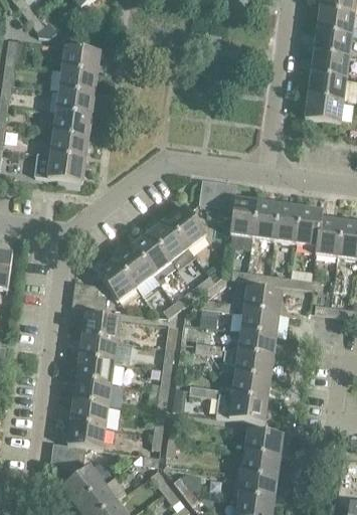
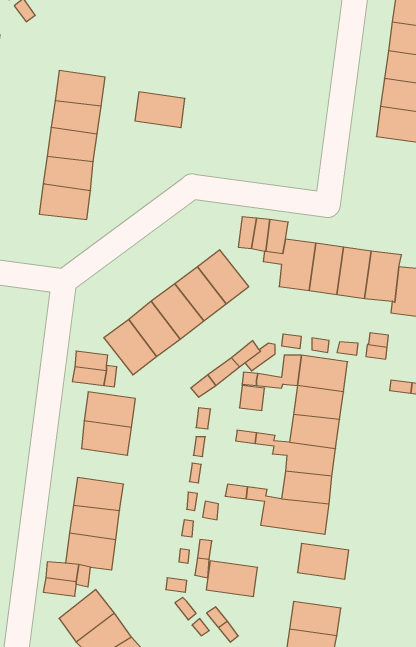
building: [62,45,101,72] -> [135,92,185,128]
building: [76,356,115,383] -> none
building: [241,451,281,478] -> [206,561,258,596]

